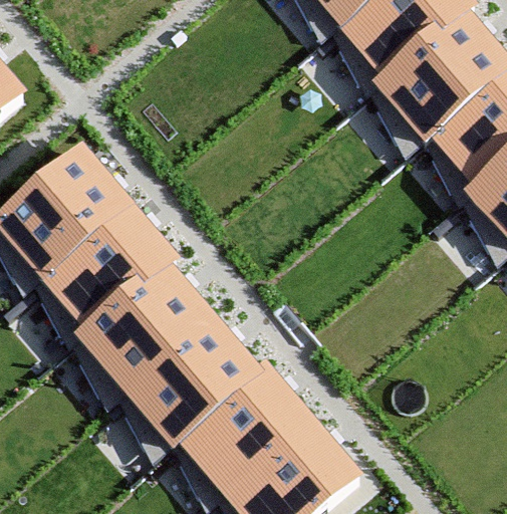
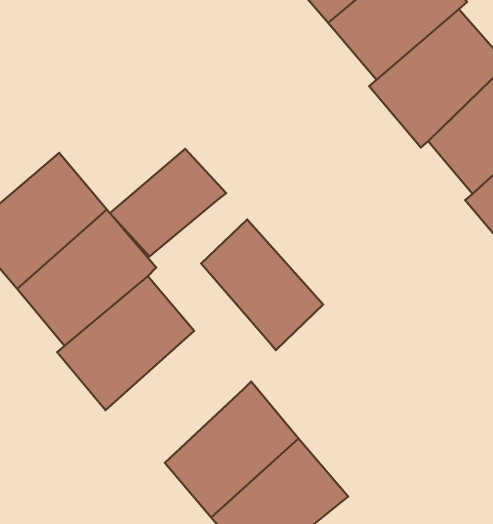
building: none -> [110,149,226,256]
building: none -> [201,220,323,350]
building: [125,315,257,447] -> none

